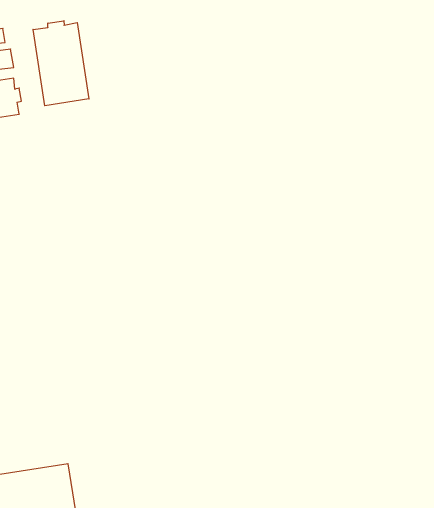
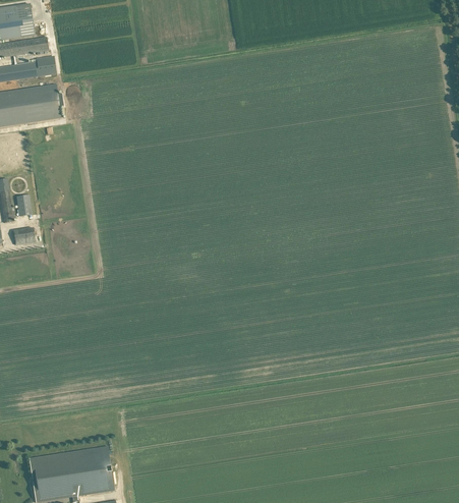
building: [33,21,89,106] -> none

